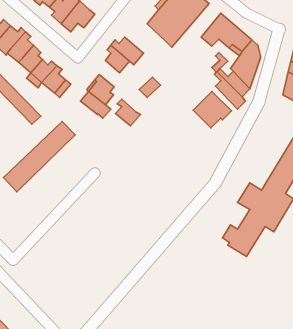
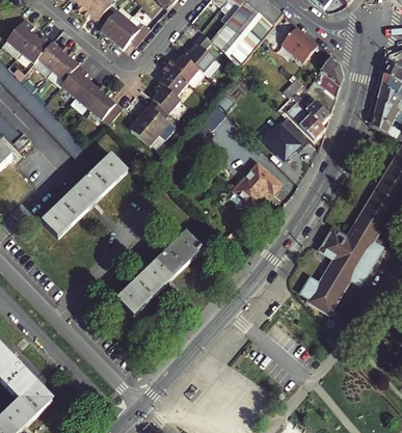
building: none -> [185,44,219,73]
building: [116,99,140,126] -> [155,81,184,112]
building: none -> [236,164,283,205]
building: none -> [117,231,203,314]

